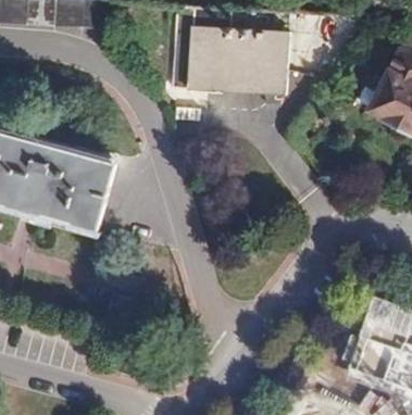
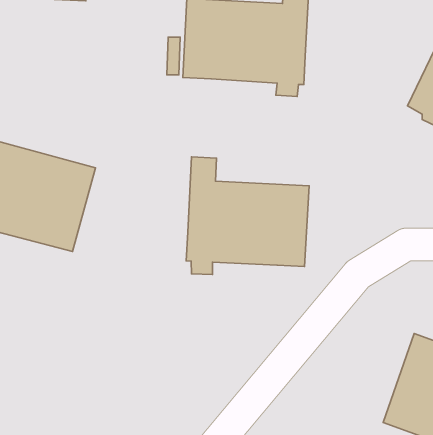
building: none -> [186,157,309,275]

